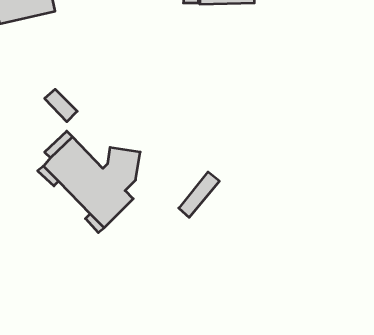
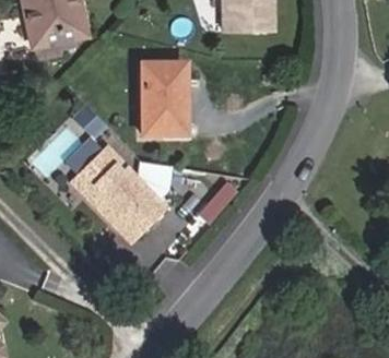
building: none -> [141,67,184,139]

